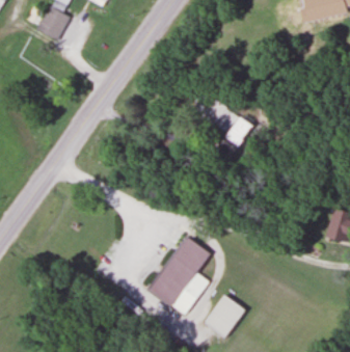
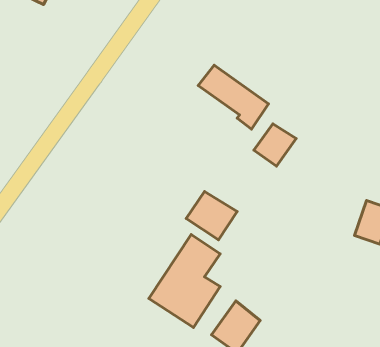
building: none -> [254,124,296,166]
building: none -> [186,191,237,240]

